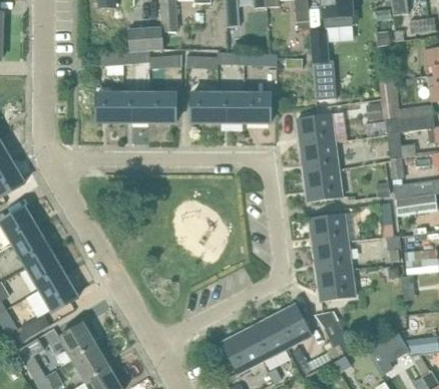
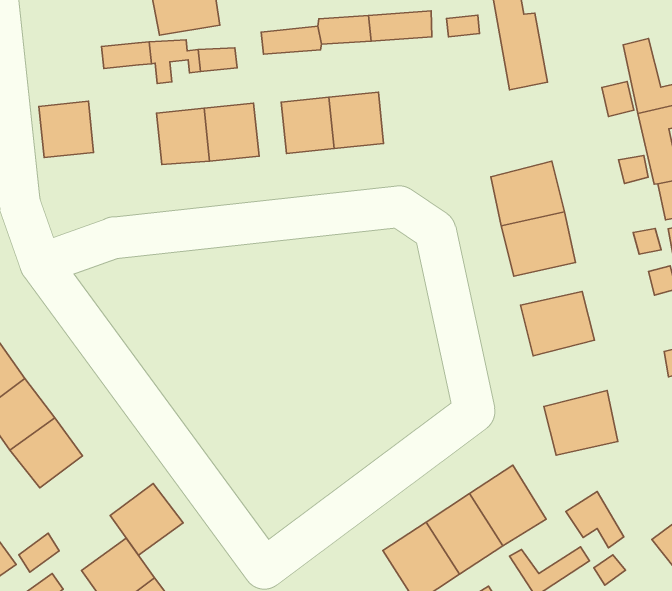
building: [96,92,123,120] -> [39,101,94,158]
building: [245,93,271,121] -> none
building: [297,112,335,145] -> none
building: [314,240,352,273] -> none
building: [39,274,78,312] -> [110,483,183,555]

